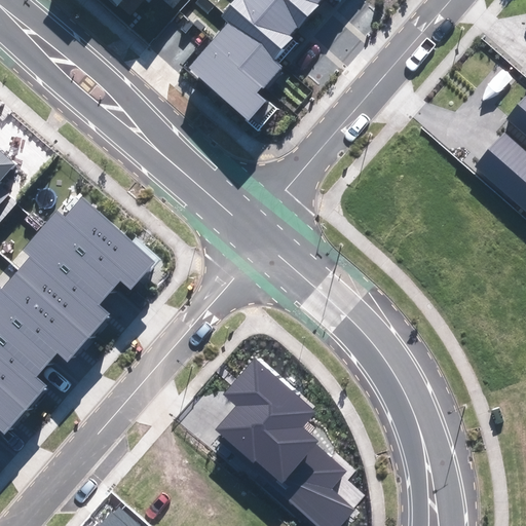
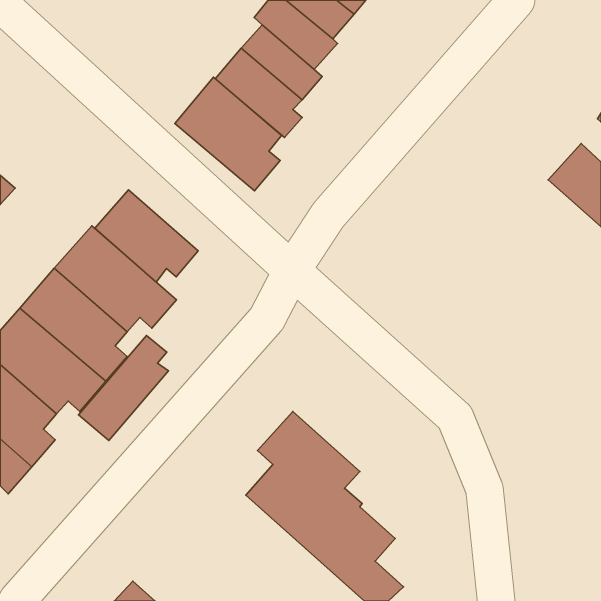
building: none -> [175,77,282,191]
building: none -> [95,190,198,282]
building: none -> [79,335,168,441]

